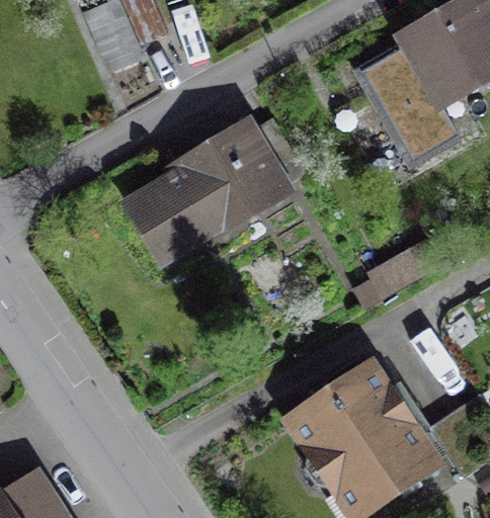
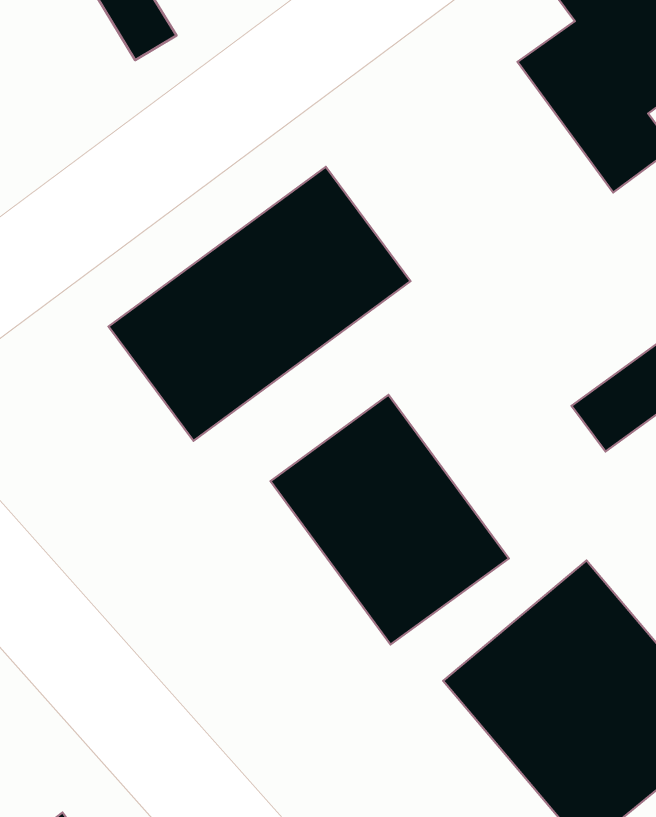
building: none -> [270,395,509,645]

